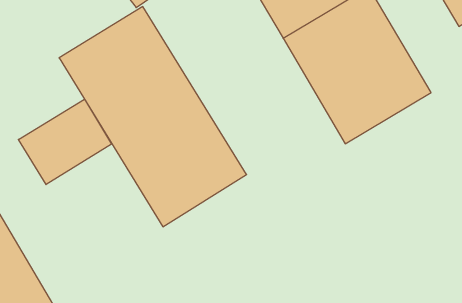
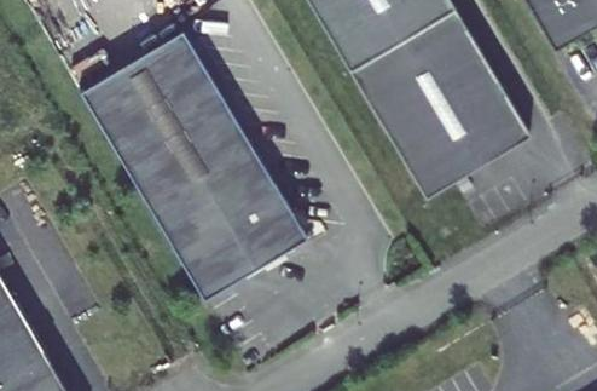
building: [18,99,112,185] -> none

